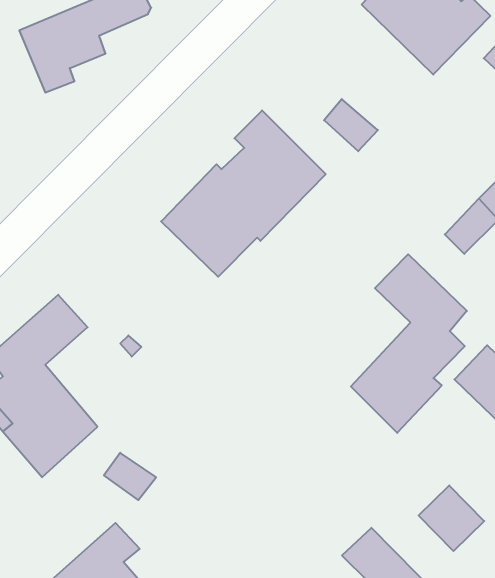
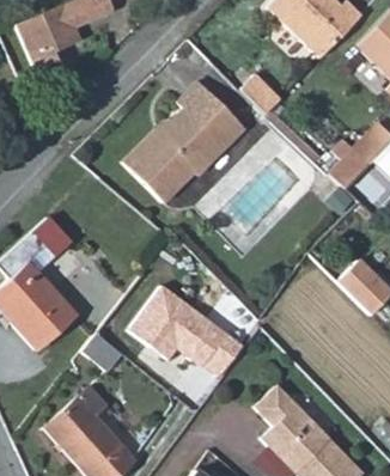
building: [351,254,467,433] -> none
building: none -> [123,283,242,382]
building: [419,485,484,551] -> none

